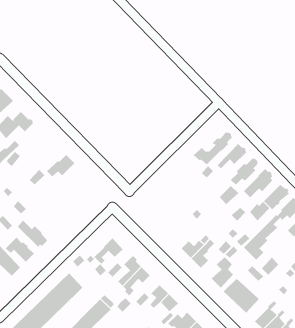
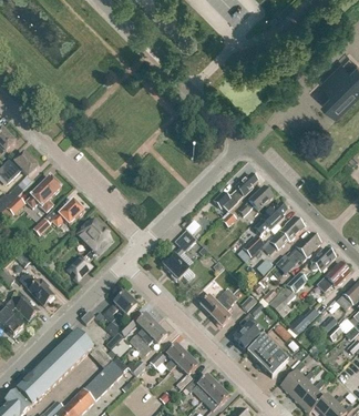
building: none -> [27,175,61,211]
building: none -> [68,219,111,278]
building: none -> [162,230,196,281]

